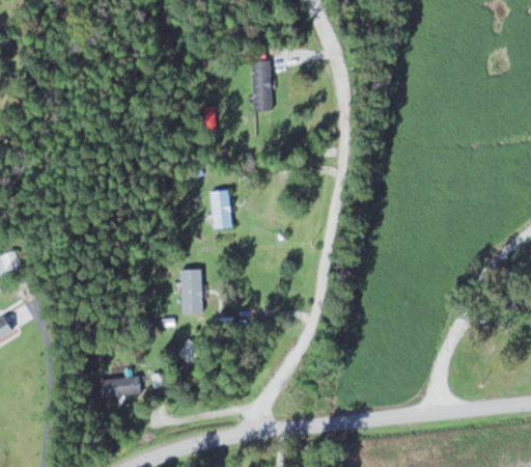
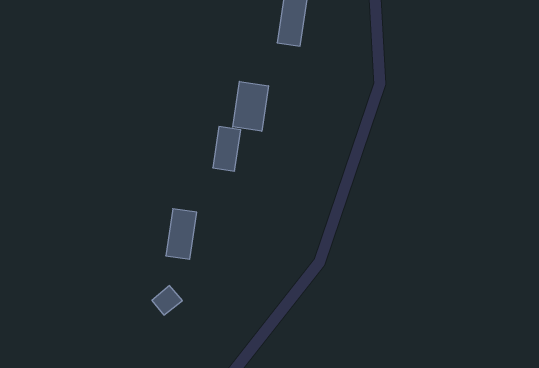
building: none -> [233,81,268,131]
building: [96,377,140,397] -> none

